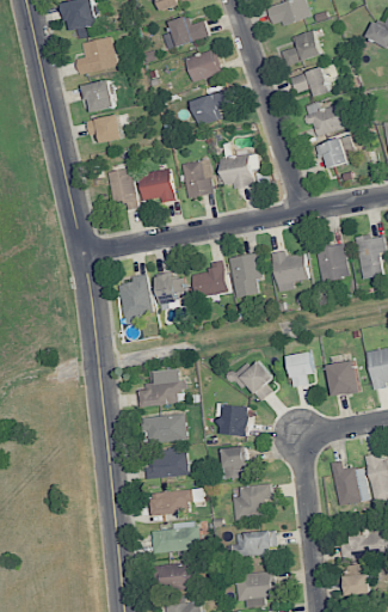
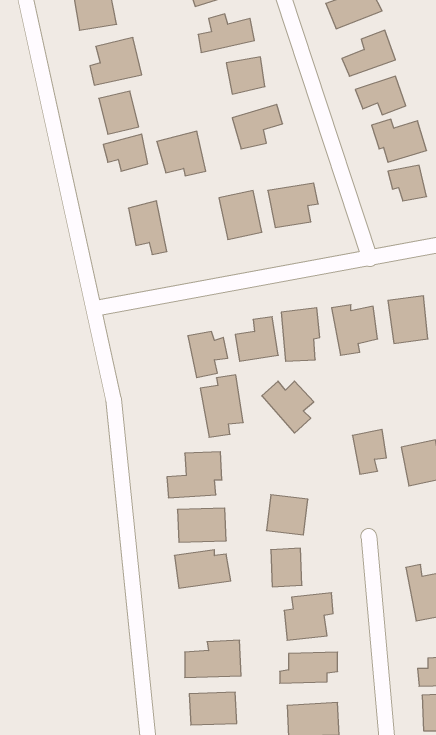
building: [136,167,175,203] -> [157,131,206,176]
building: [117,274,152,324] -> [200,375,243,437]
building: [232,361,273,403] -> [262,381,314,433]
building: [148,490,193,515] -> none

